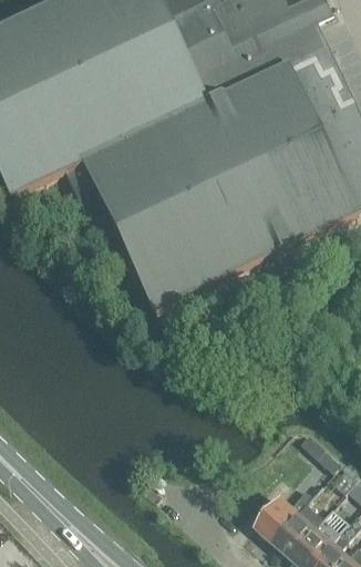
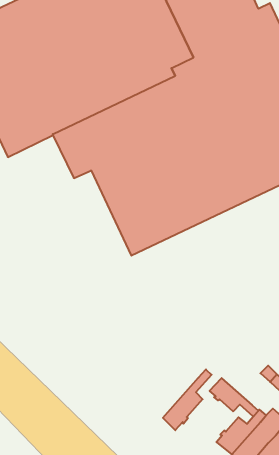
building: none -> [163,369,212,430]
building: none -> [210,378,258,417]

